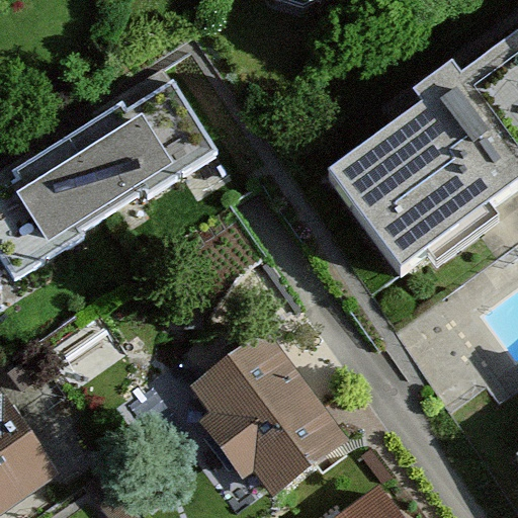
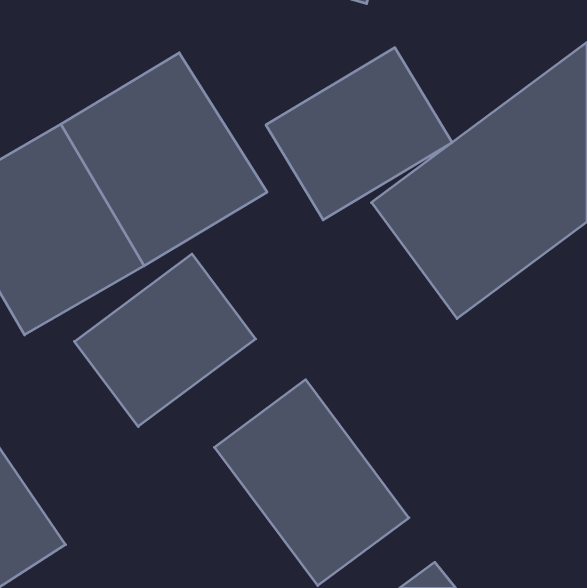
building: none -> [266,48,452,220]
building: none -> [74,254,256,427]

